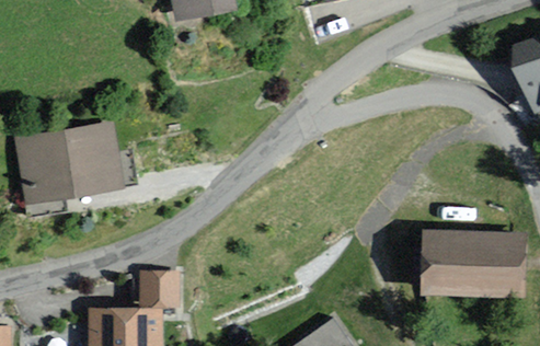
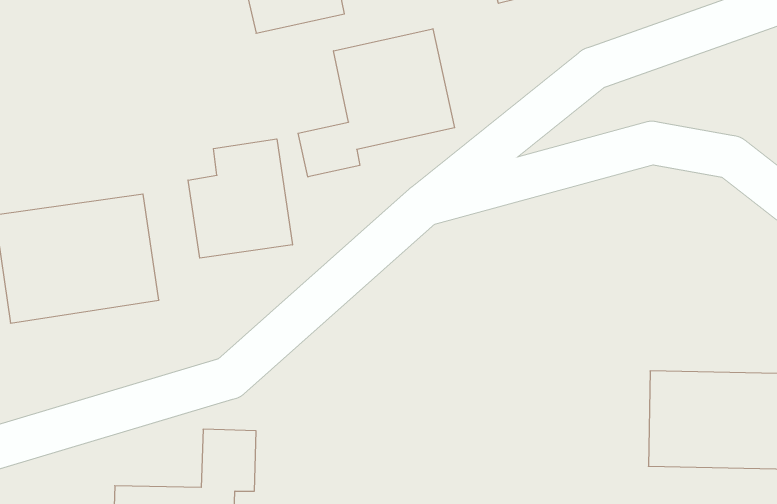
building: none -> [298,29,455,177]
building: none -> [188,139,292,258]

